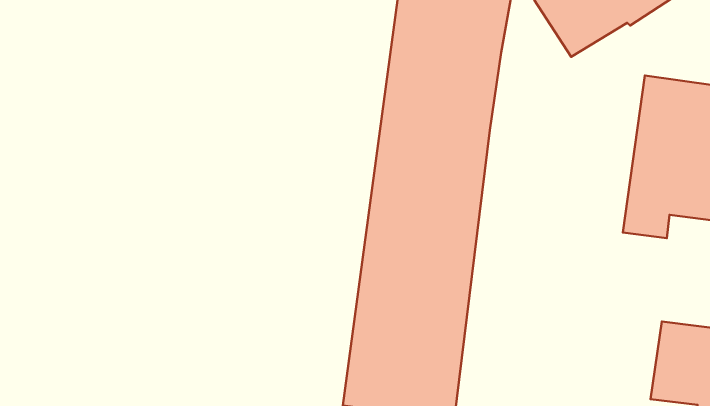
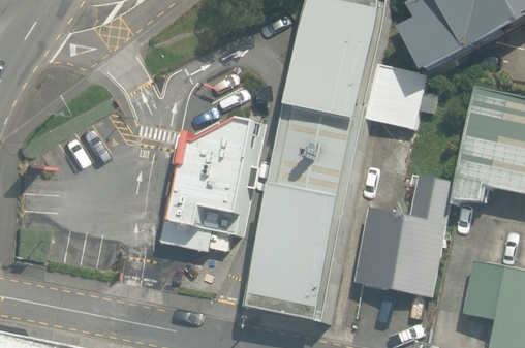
building: none -> [361,63,435,130]
building: none -> [158,117,260,251]
building: none -> [351,173,452,298]

